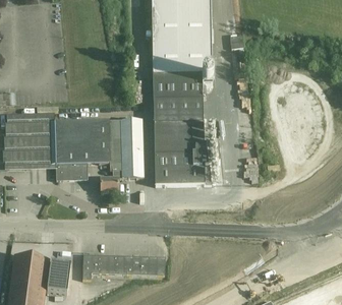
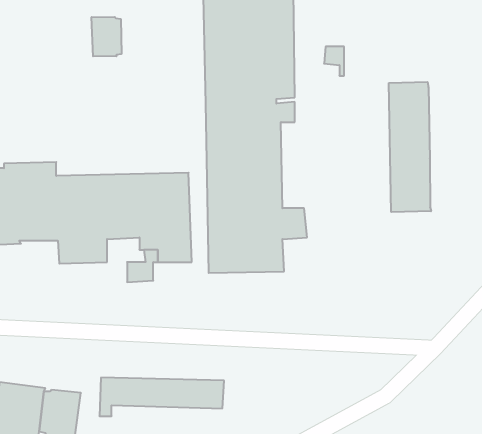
building: none -> [92,17,121,56]
building: none -> [389,82,431,212]

